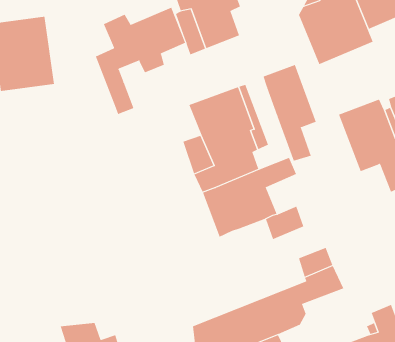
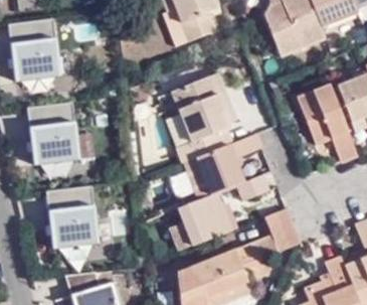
building: [95,7,186,115] -> none
building: [263,64,316,162] -> none
building: none -> [28,100,80,162]
building: none -> [47,183,100,246]
building: none -> [172,192,230,250]

